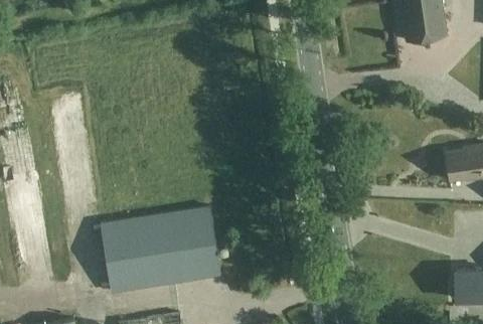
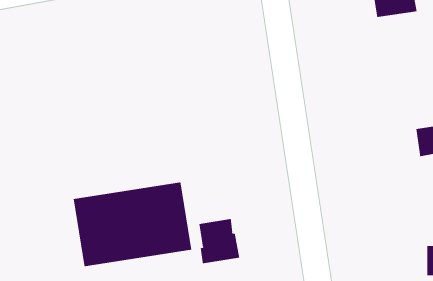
building: none -> [199,218,240,264]

